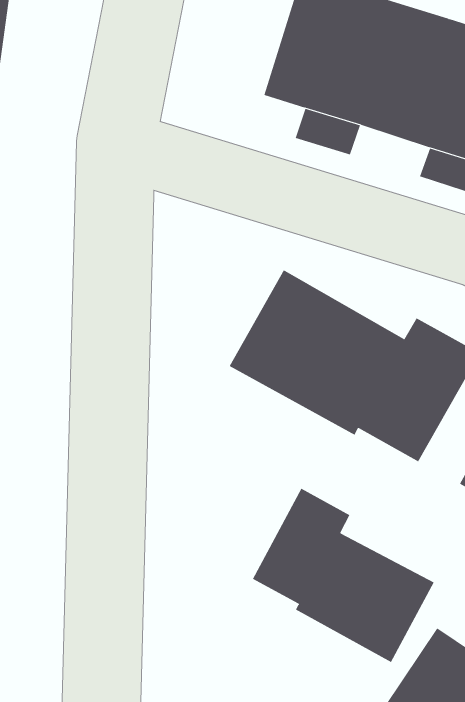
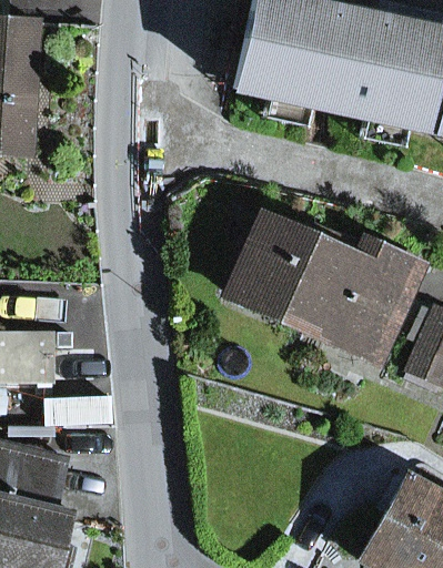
building: [252,488,434,663] -> none

